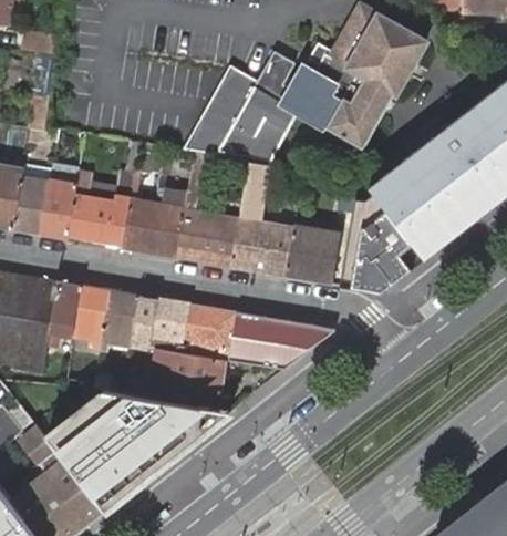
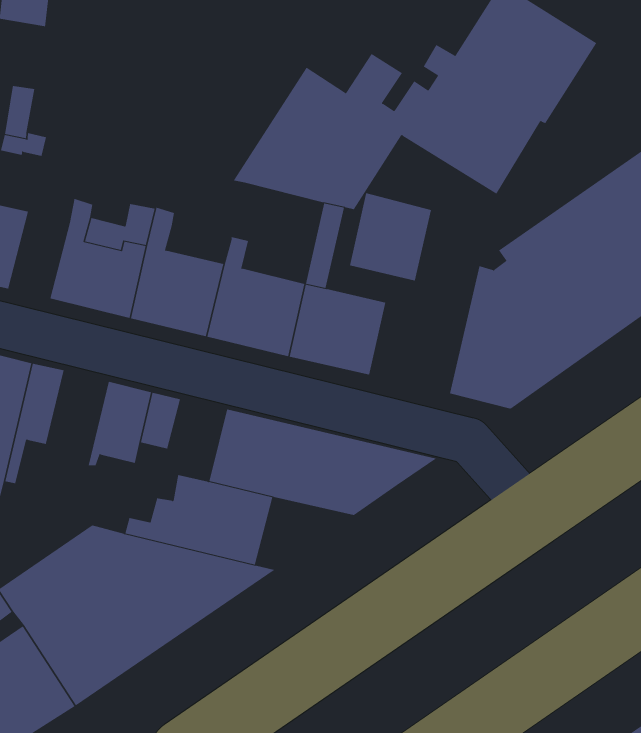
building: [41,165,81,238] -> none
building: [288,226,341,284] -> [349,192,432,281]
building: [73,286,112,349] -> none
building: [155,300,193,349] -> none

